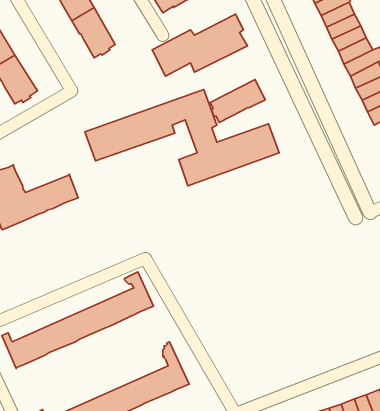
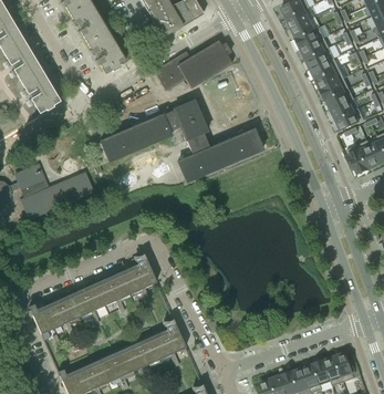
building: [210,79,265,122] -> none

